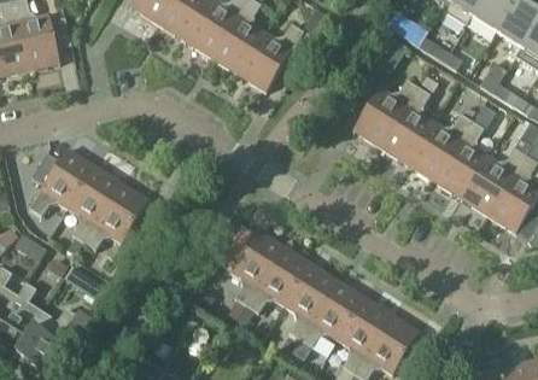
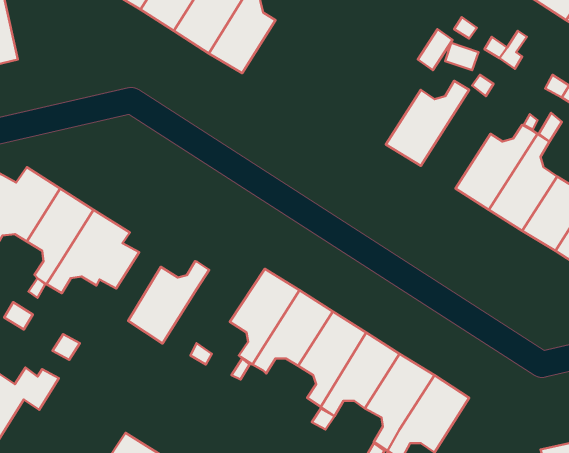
building: [239,24,304,92] -> none
building: [381,87,437,165] -> none
building: none -> [128,261,209,344]

